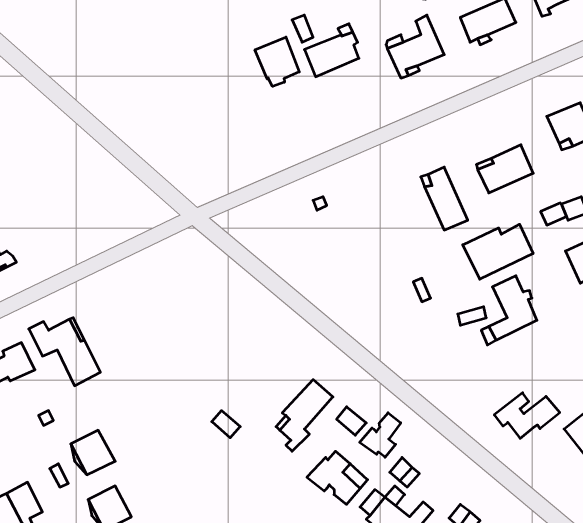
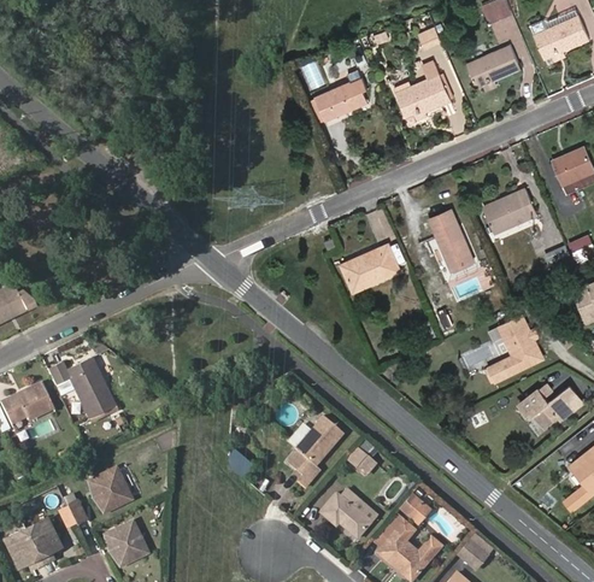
building: [255,37,299,86] -> none
building: none -> [340,243,401,294]
building: [463,224,533,279] -> none
building: [494,393,560,438] -> [518,382,582,427]
building: [360,413,401,457] -> none

